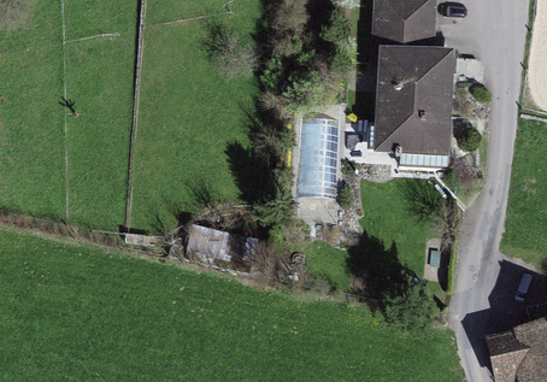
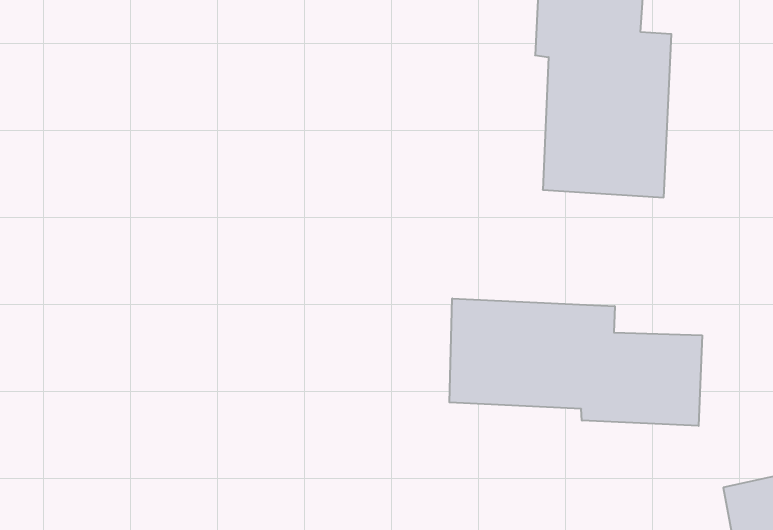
building: none -> [449,298,702,426]

